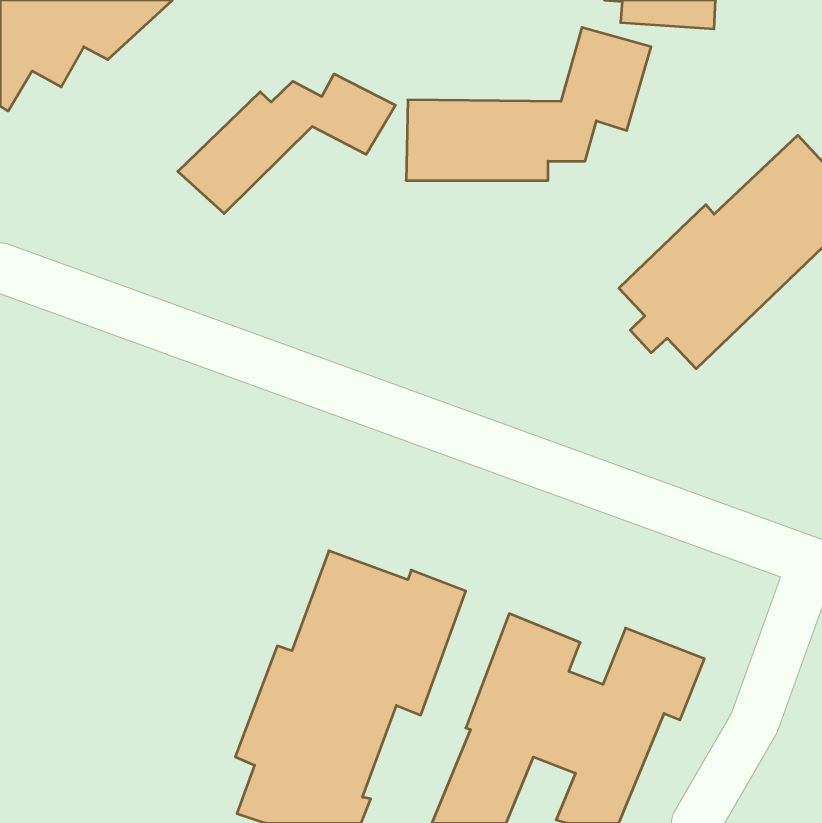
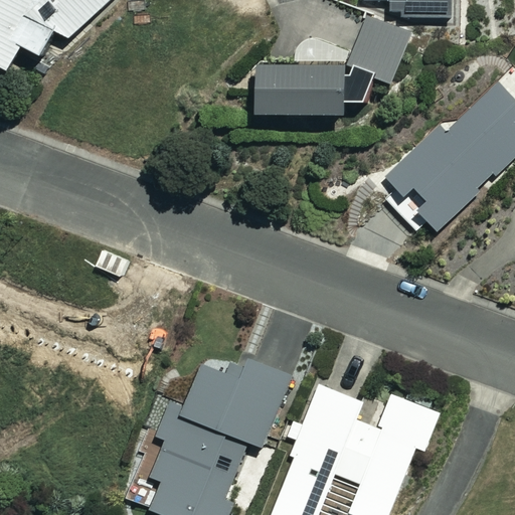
building: [178,74,395,214] -> none

